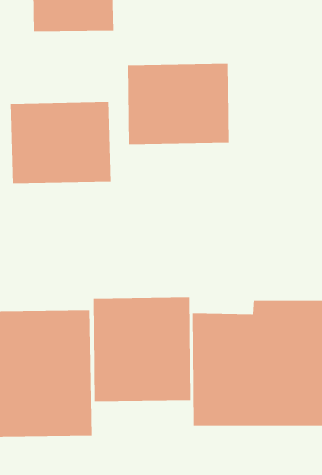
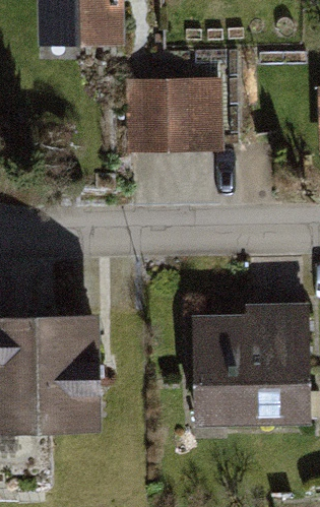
building: [10,101,111,184] -> none
building: [93,297,191,402] -> none

